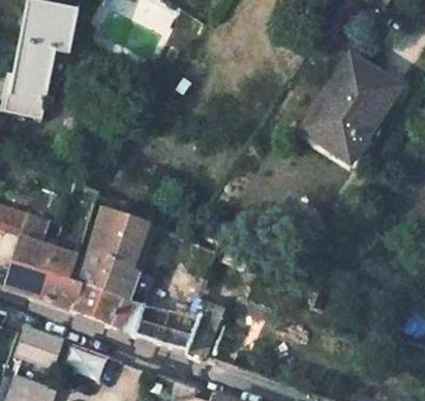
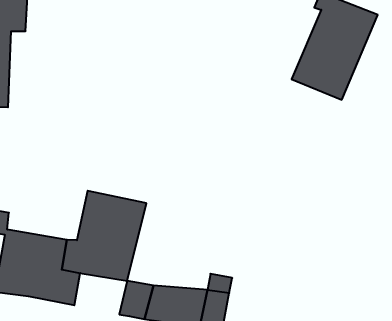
building: [73,283,126,327] -> none

